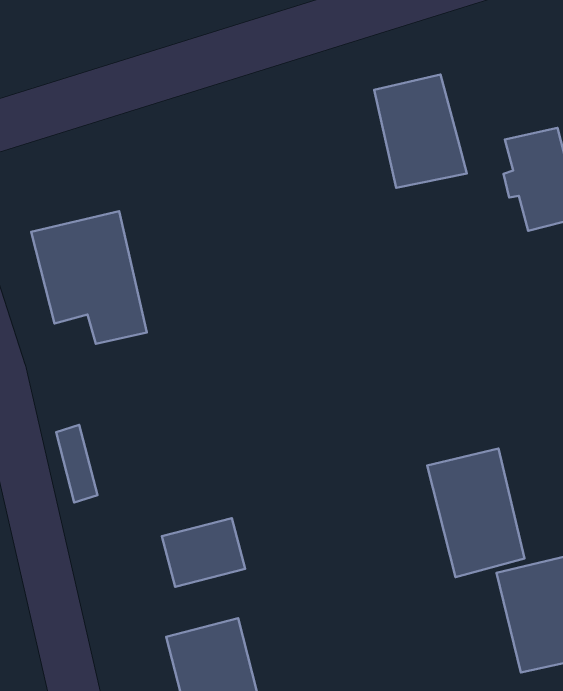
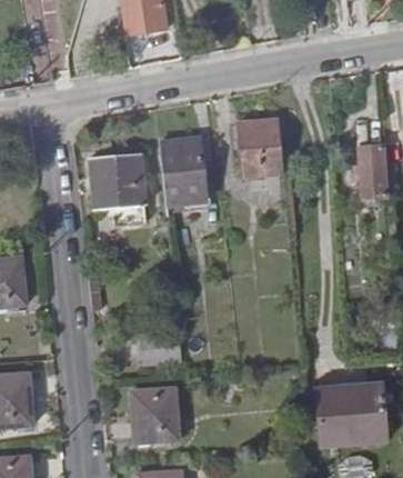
building: [374,74,467,188] -> [235,119,280,178]
building: none -> [159,140,203,206]
building: [427,448,525,577] -> none

